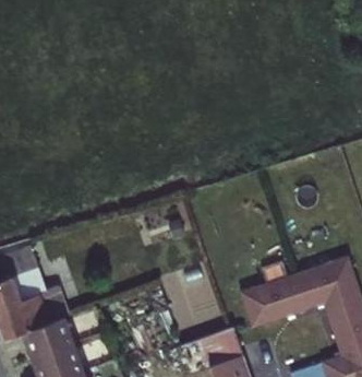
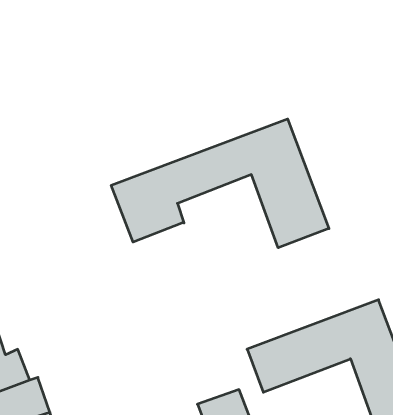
building: none -> [111,119,329,248]

